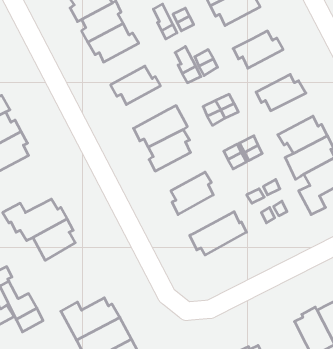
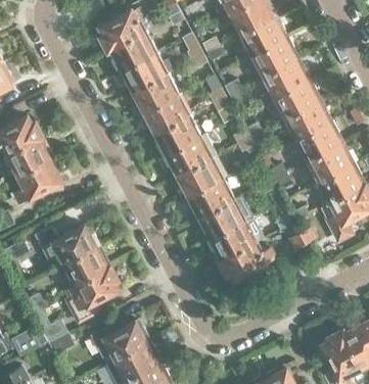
building: none -> [253,37,295,78]
building: none -> [134,73,179,113]
building: none -> [276,79,318,121]
building: none -> [156,114,197,156]
building: none -> [298,122,340,162]
building: none -> [185,180,234,218]
building: none -> [207,222,258,259]
building: none -> [62,267,118,321]

